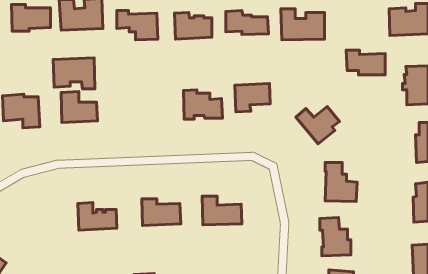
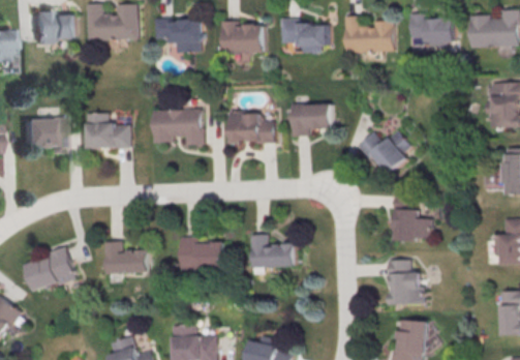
building: [346,50,385,75] -> [410,14,456,43]
building: [53,58,95,89] -> [152,109,201,145]
building: none -> [27,246,79,292]

